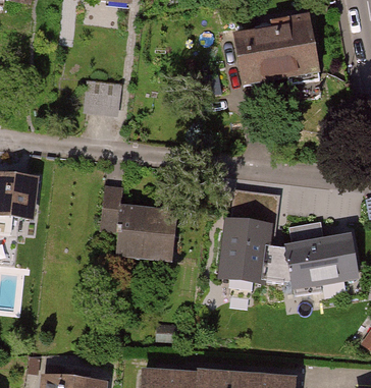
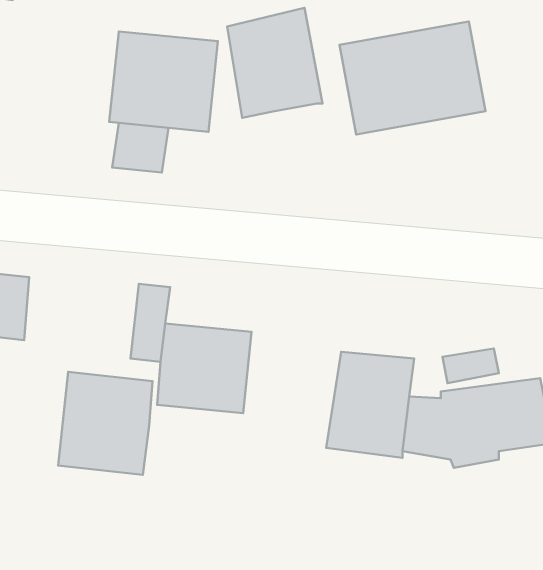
building: none -> [227,8,322,118]
building: none -> [109,31,218,132]
building: none -> [58,372,153,475]

